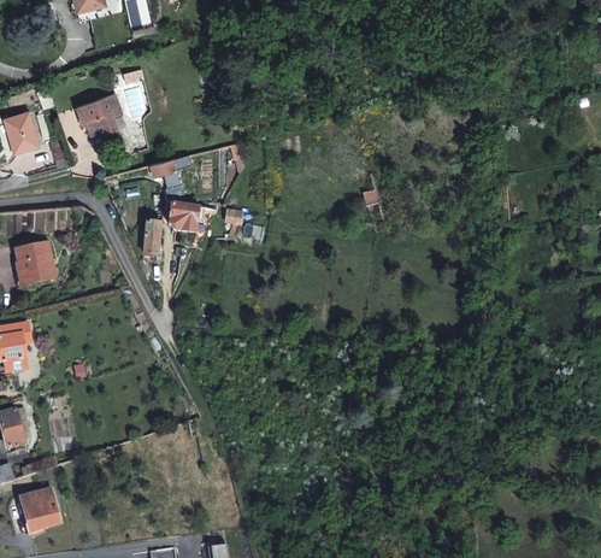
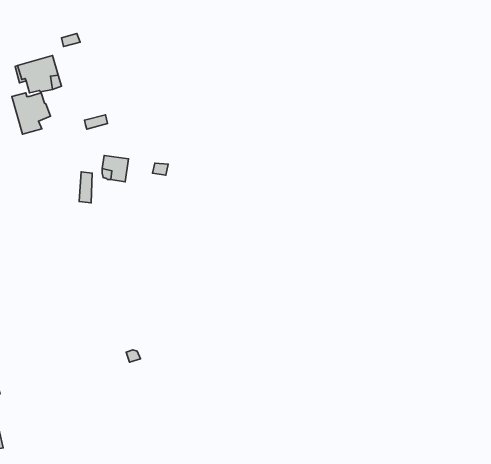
building: none -> [12,93,51,134]

